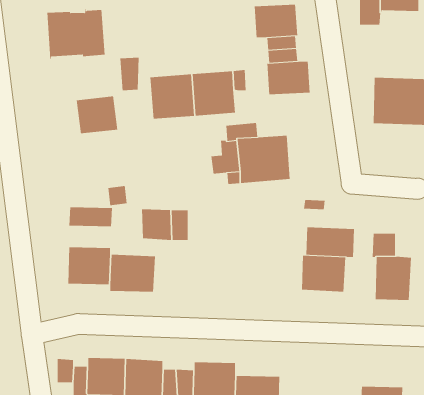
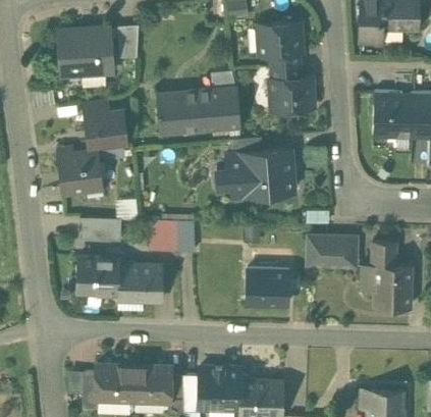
building: [120,57,140,91] -> [118,25,138,58]
building: none -> [57,150,103,193]
building: [301,255,346,292] -> [246,270,289,306]

